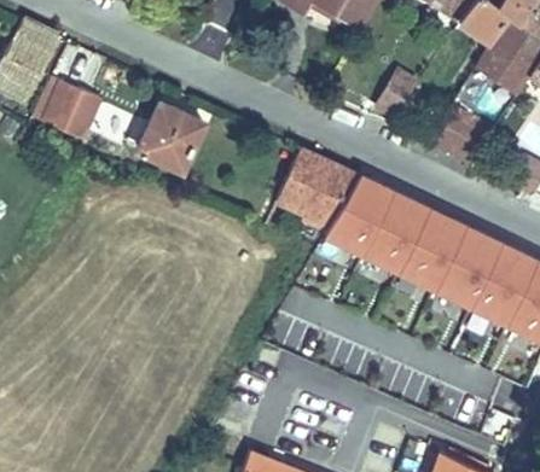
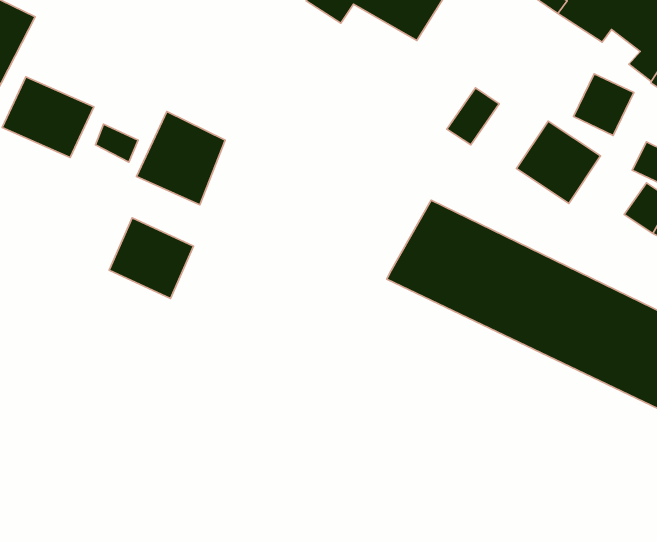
building: [274,141,361,227] -> none
building: none -> [109,218,194,299]

